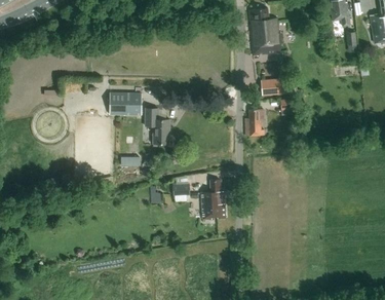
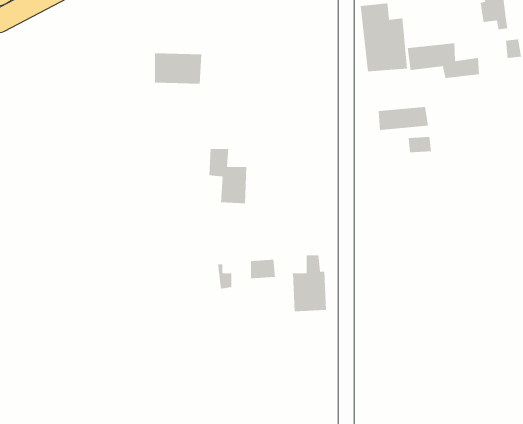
building: none -> [407,43,479,79]
building: [109,93,142,115] -> [154,53,202,84]
building: [244,109,264,136] -> none

